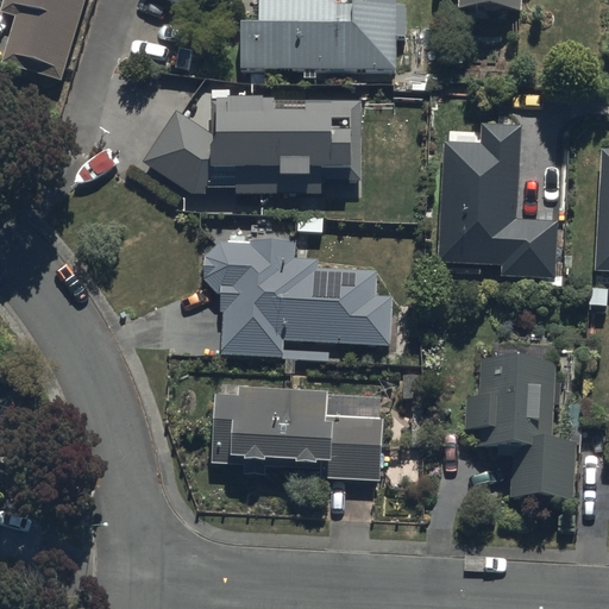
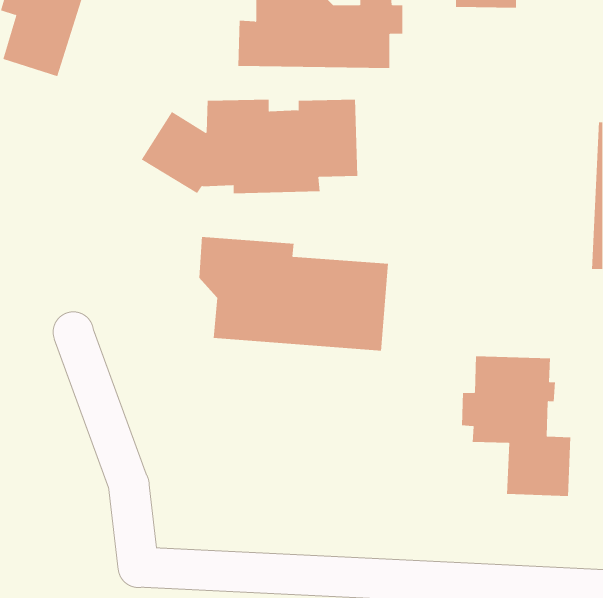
building: [439,118,565,276] -> none
building: [212,385,385,478] -> none

